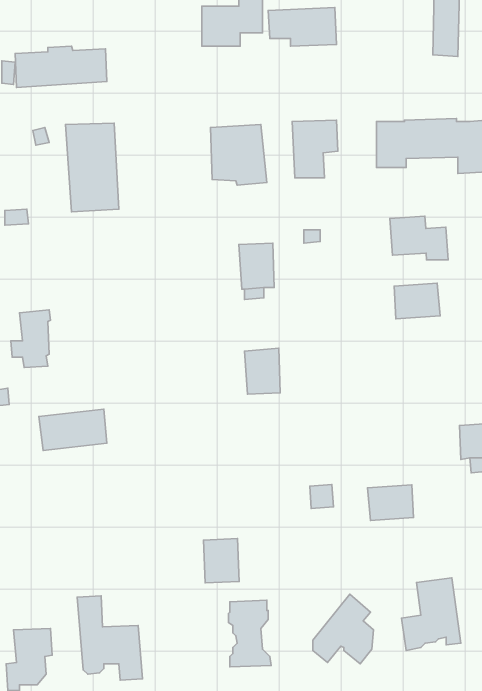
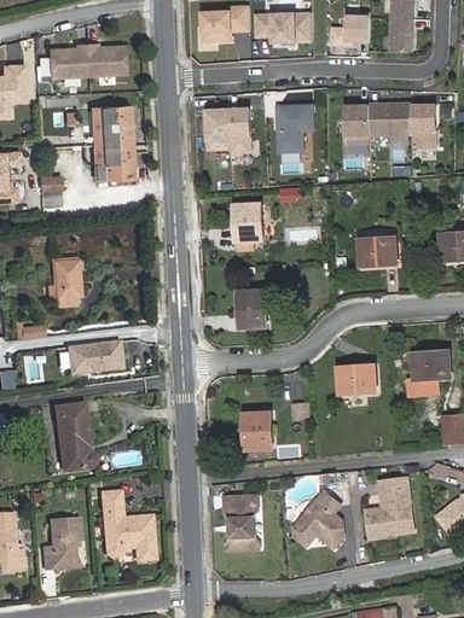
building: none -> [346,12,370,42]
building: [390,216,448,260] -> none
building: [368,485,413,521] -> [338,365,376,393]
building: none -> [54,403,97,471]
building: [204,539,239,583] -> [244,413,273,449]

